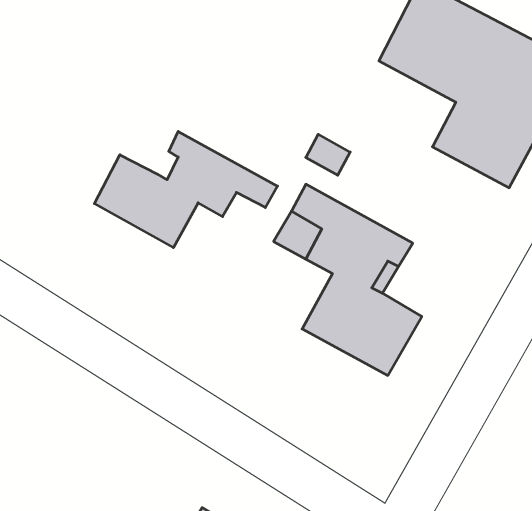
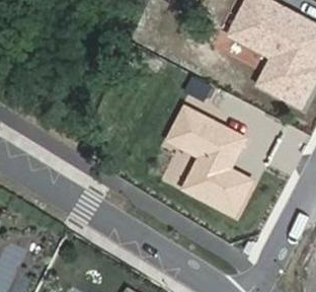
building: [94,131,278,248] -> none

